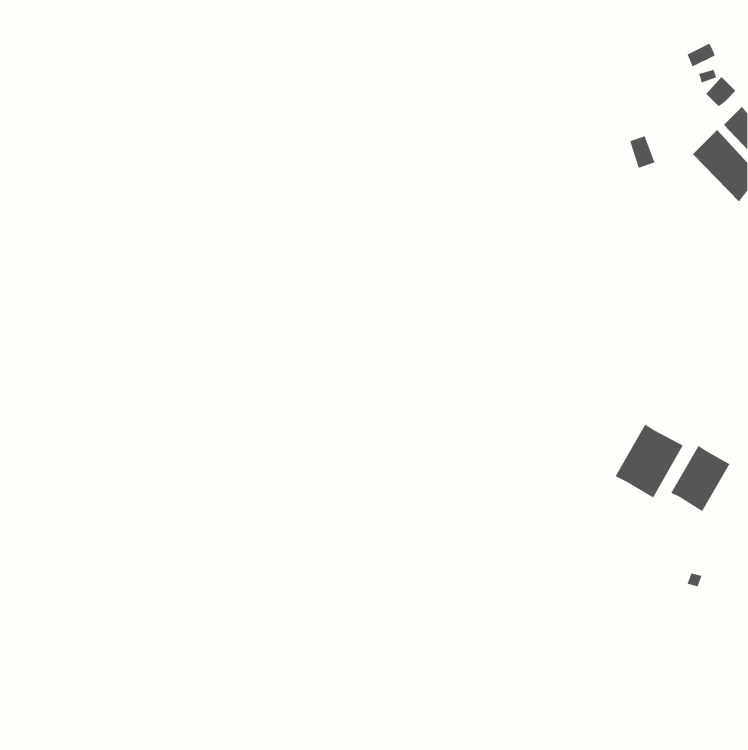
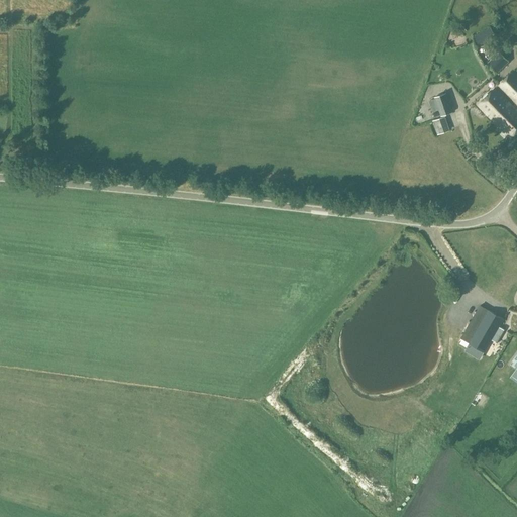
building: [614,423,684,498] -> none

